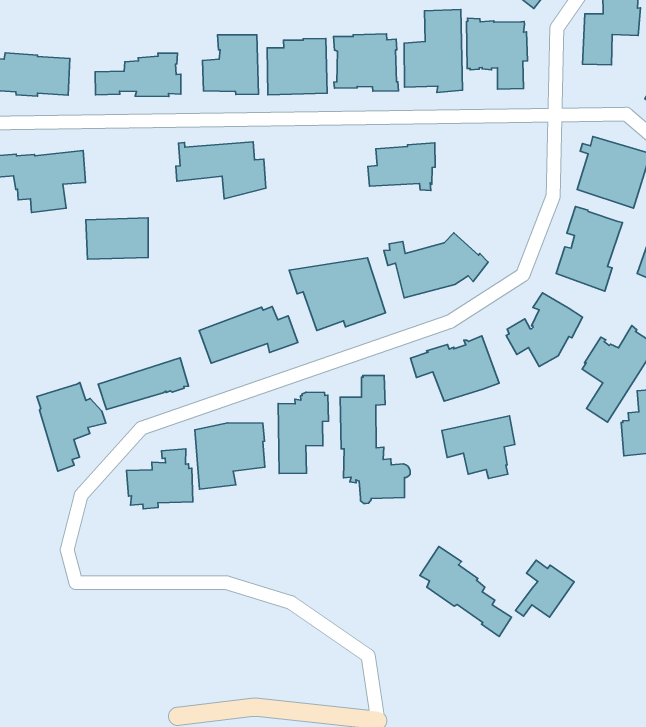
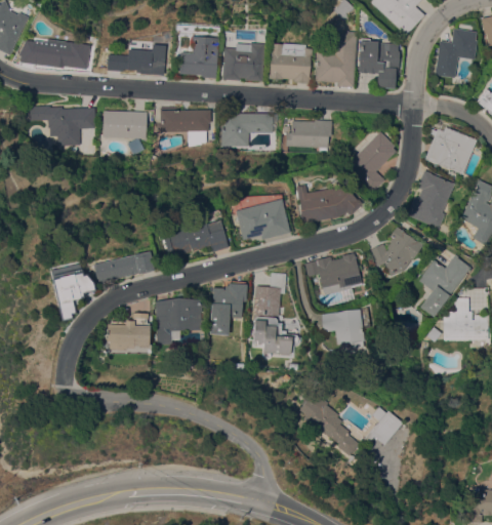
building: none -> [220,111,278,147]
building: none -> [345,130,396,193]
building: [86,218,148,259] -> [102,110,146,138]

